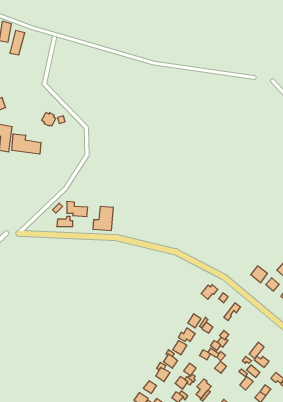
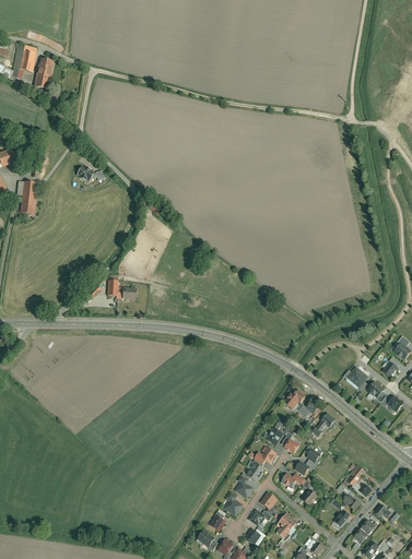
building: [12,134,41,154] -> none
building: [93,206,113,231] -> none

